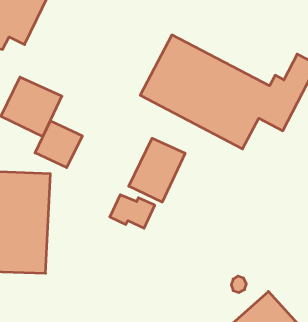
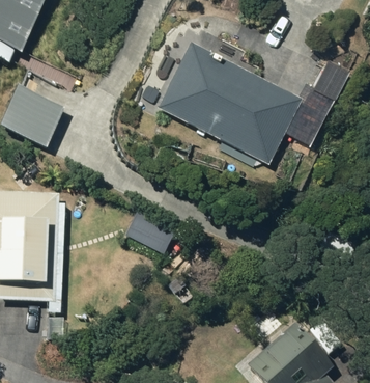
building: [35,121,82,168] -> none
building: [129,138,185,202] -> none

